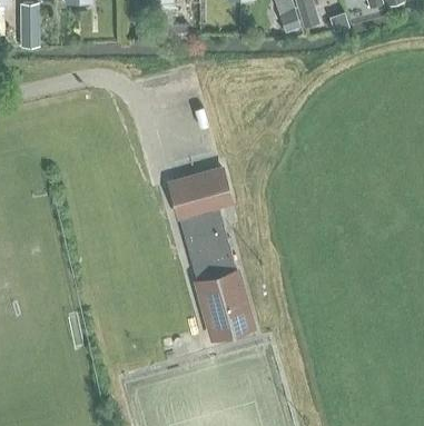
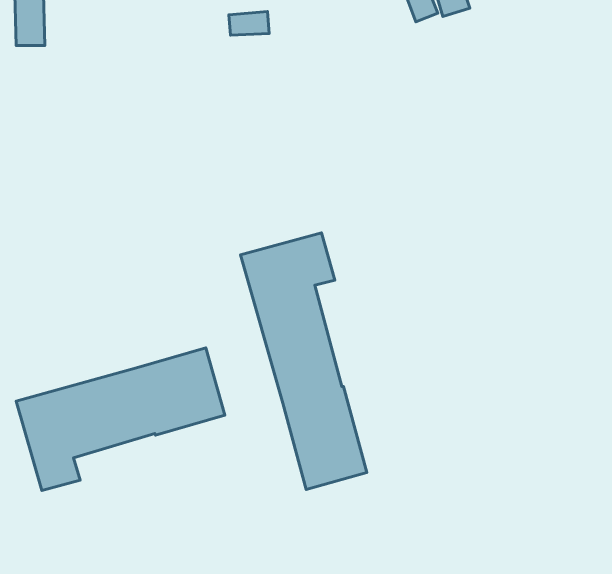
building: none -> [16,348,225,491]

